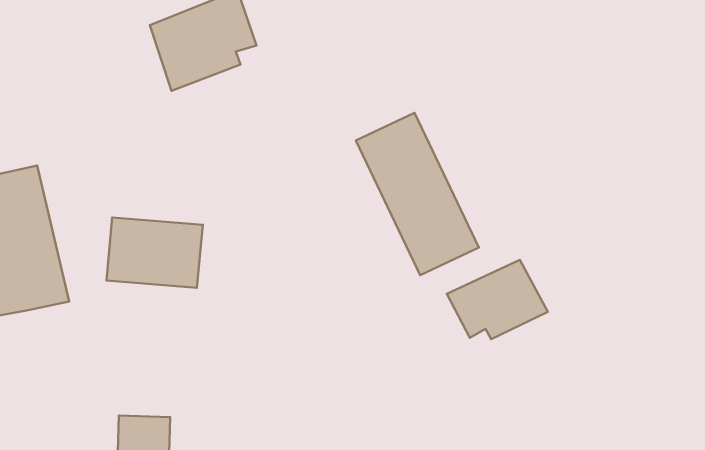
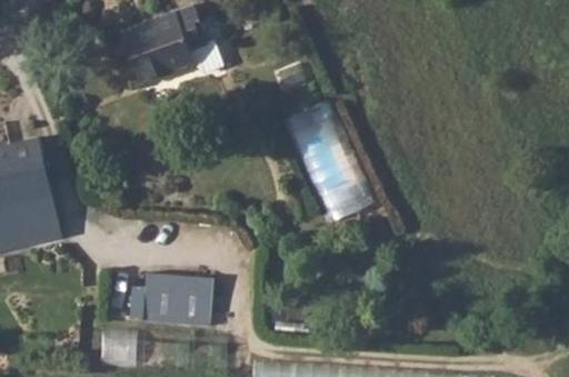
building: [106,218,203,288] -> [139,271,212,325]
building: [447,260,548,339] -> none

